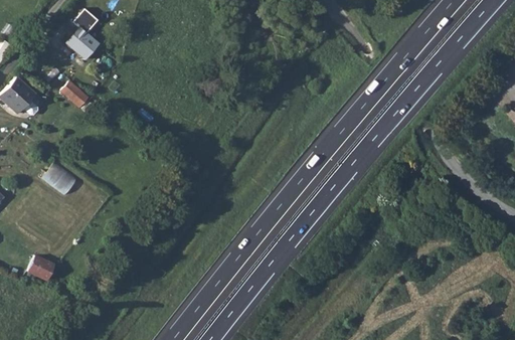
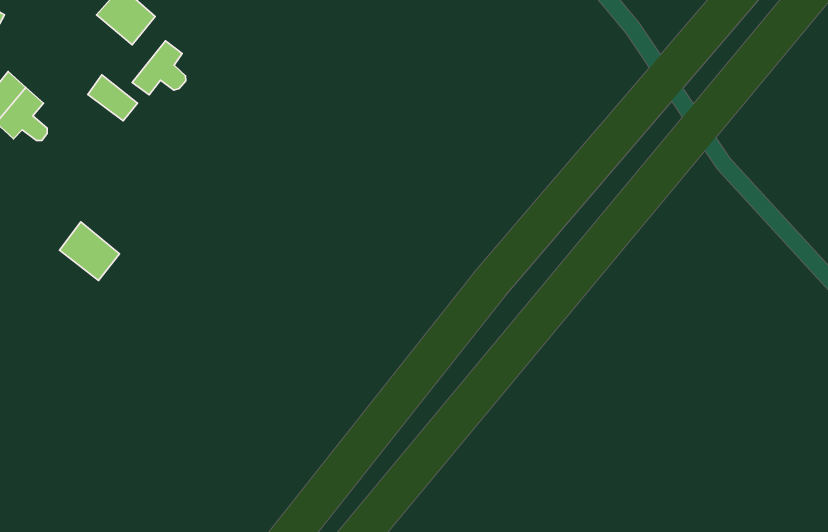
building: none -> [132,41,186,95]
building: [28,253,55,280] -> none

